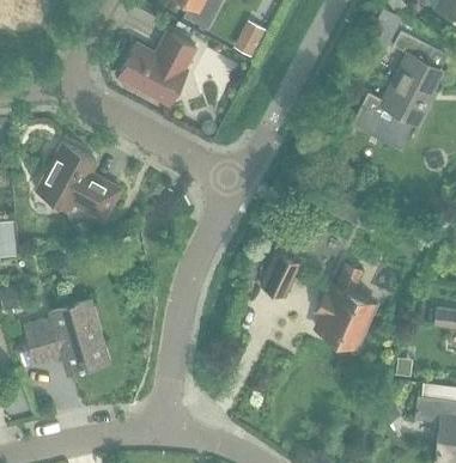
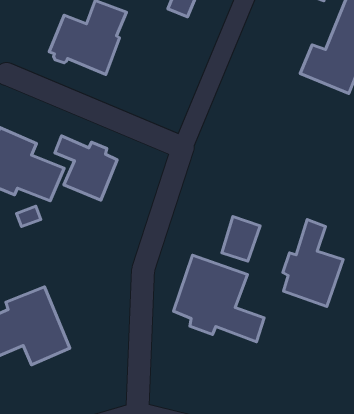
building: none -> [55,136,117,200]
building: none -> [173,255,264,342]

